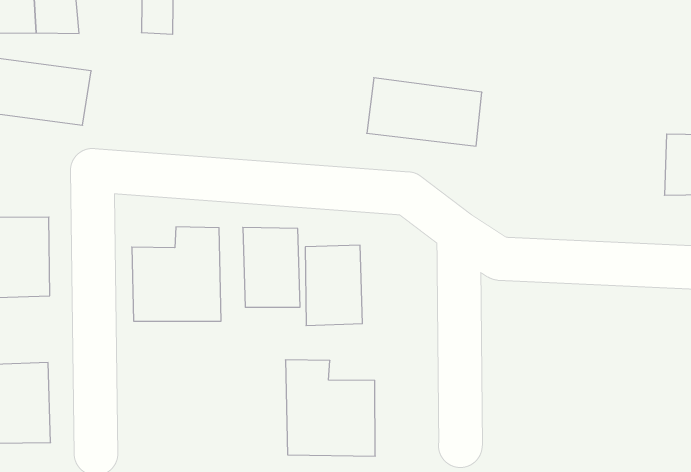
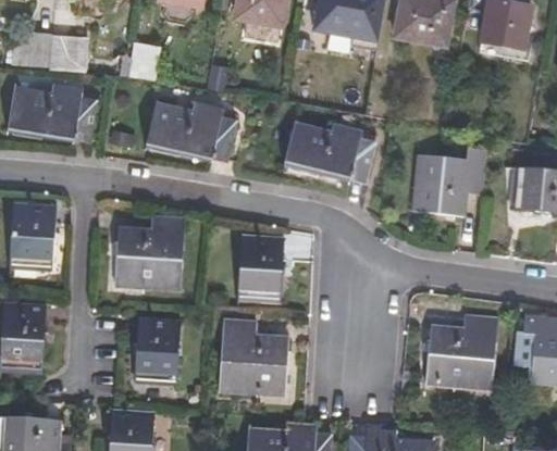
building: none -> [149,98,237,153]
building: none -> [412,154,483,222]
building: [243,227,300,307] -> [138,318,182,380]
building: none -> [440,327,505,398]

